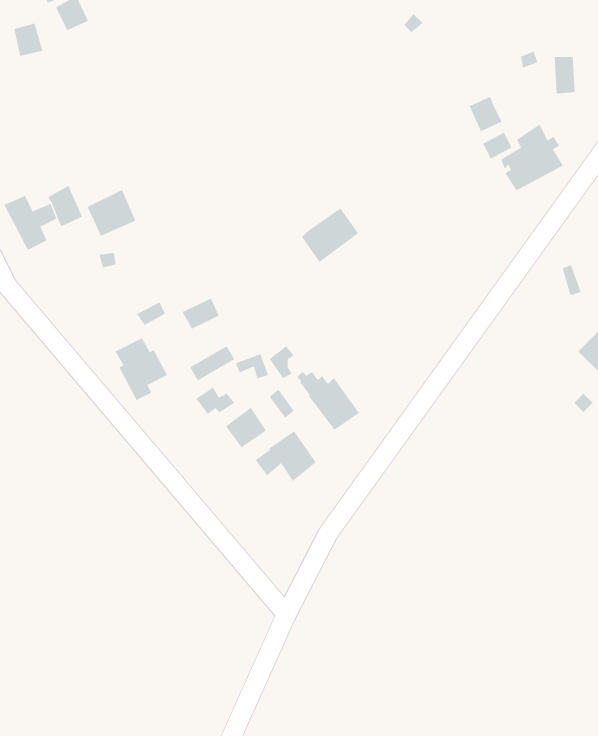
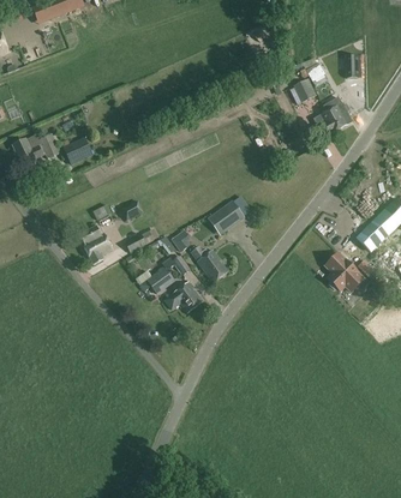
building: [301,208,359,263] -> [208,202,243,235]
building: none -> [325,253,364,293]

